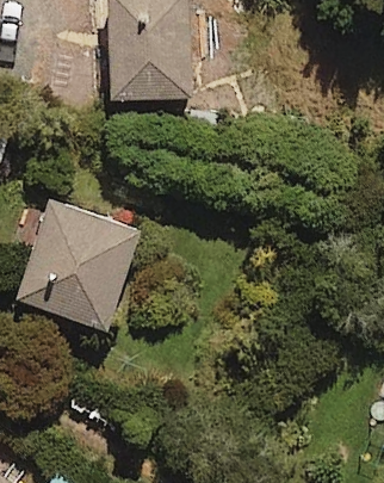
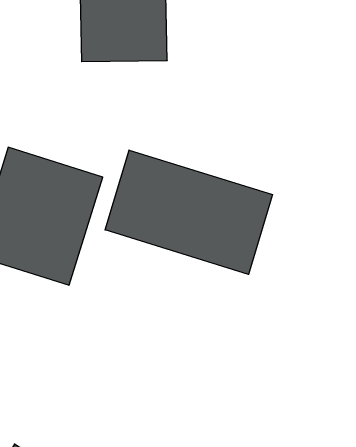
building: none -> [105,150,273,274]

